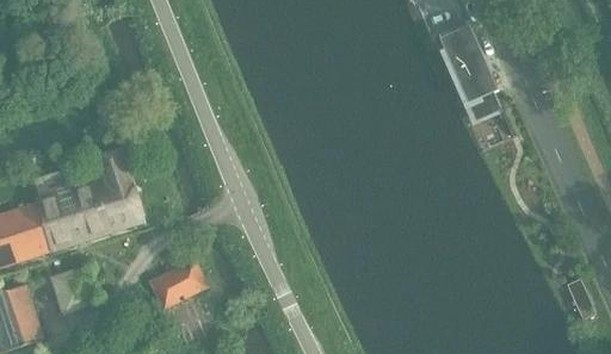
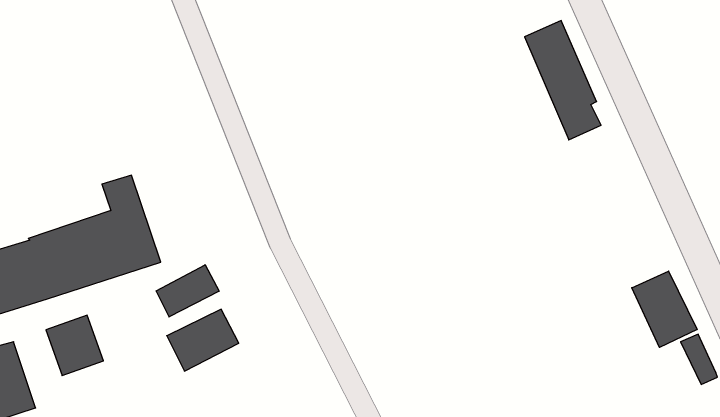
building: none -> [156,265,219,317]
building: none -> [632,271,697,347]

